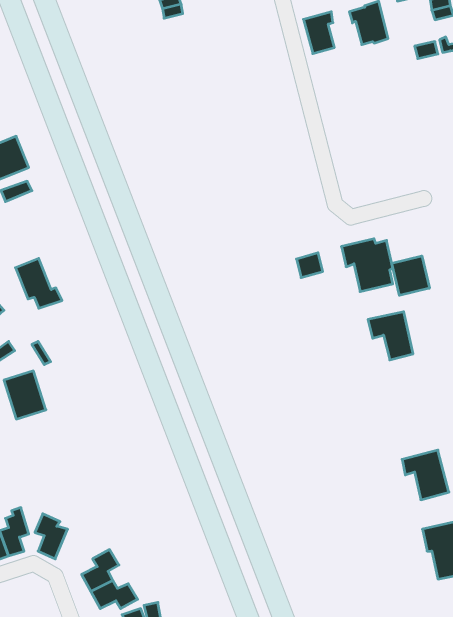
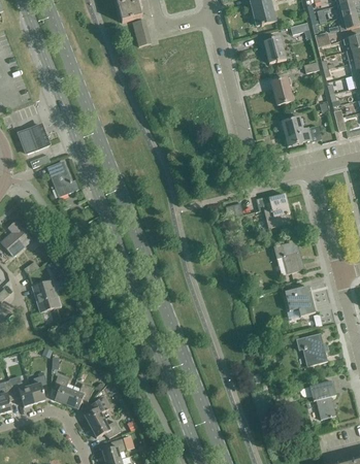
building: [303,12,334,54] -> [271,76,292,104]
building: none -> [282,117,321,145]
building: [392,256,429,295] -> none
building: [15,258,62,308] -> [47,161,78,194]
building: none -> [284,285,315,314]
building: none -> [66,383,94,408]

